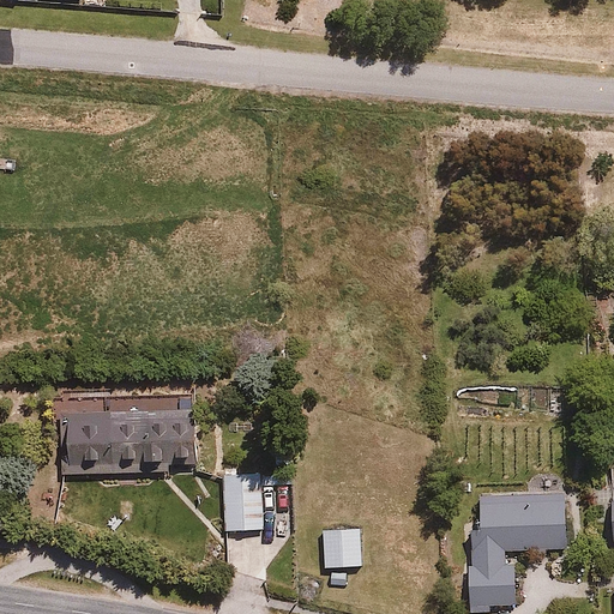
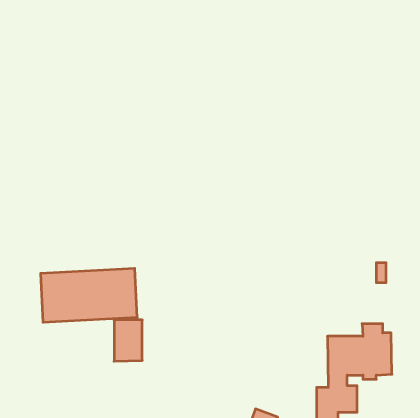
building: [218,471,259,531] -> [114,320,142,361]
building: [321,531,361,567] -> none

